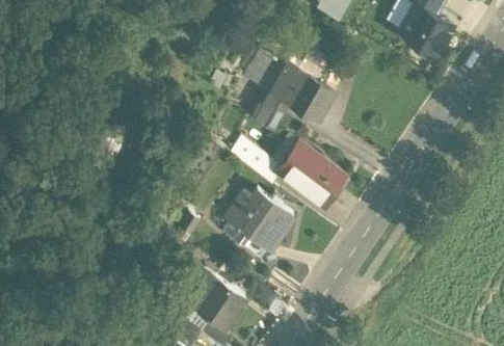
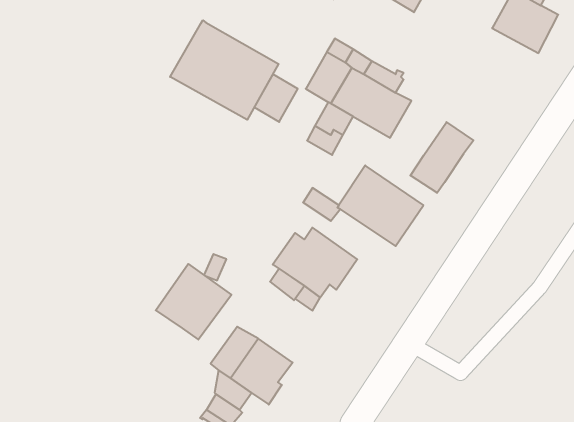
building: none -> [170,20,279,120]
building: none -> [410,122,473,193]
building: none -> [156,264,231,340]

